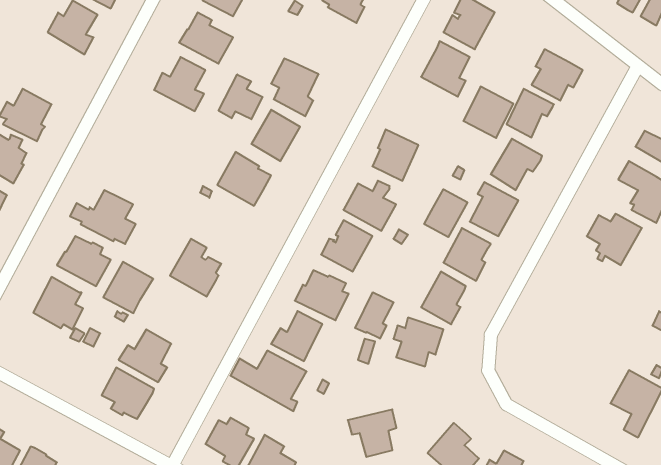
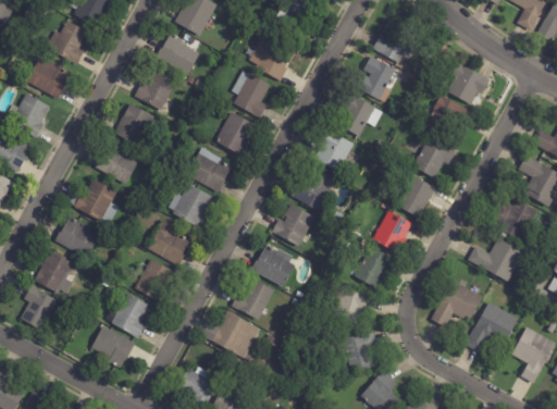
building: none -> [248,30,296,80]
building: none -> [25,61,72,102]
building: [219,74,263,119] -> none
building: [463,87,513,138] -> [333,92,374,135]
building: none -> [113,102,154,146]
building: none -> [95,142,137,184]
building: [424,189,467,237] -> none
building: none -> [168,183,212,227]
building: none -> [468,237,523,281]
building: [103,262,153,313] -> [134,258,175,300]
building: [355,292,394,339] -> none
building: none -> [431,280,483,327]
building: none -> [20,285,57,330]
building: none -> [465,301,519,352]
building: [348,409,396,457] -> [336,332,376,371]

